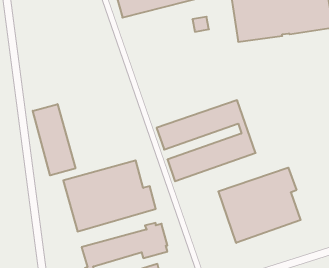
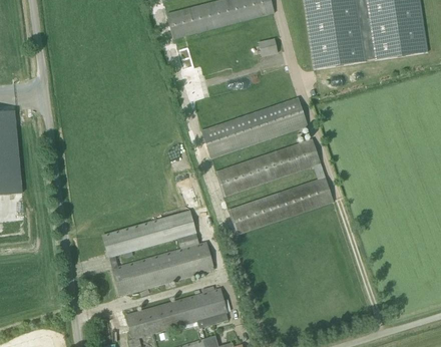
building: none -> [200,97,308,159]
building: [33,104,75,175] -> none
building: [218,168,301,243] -> none

